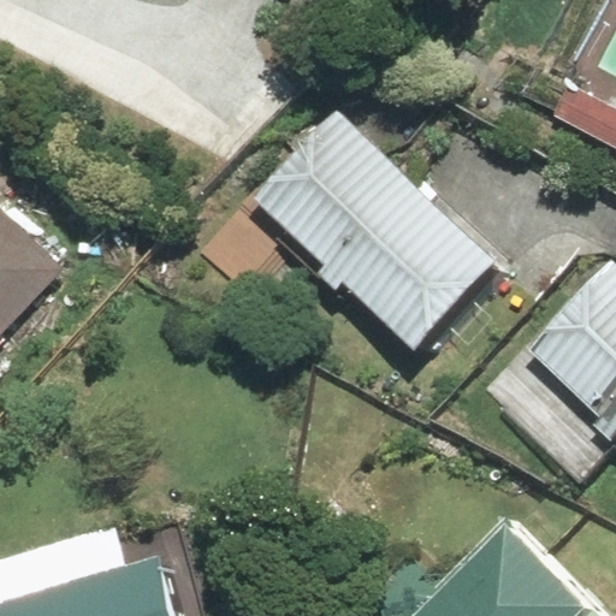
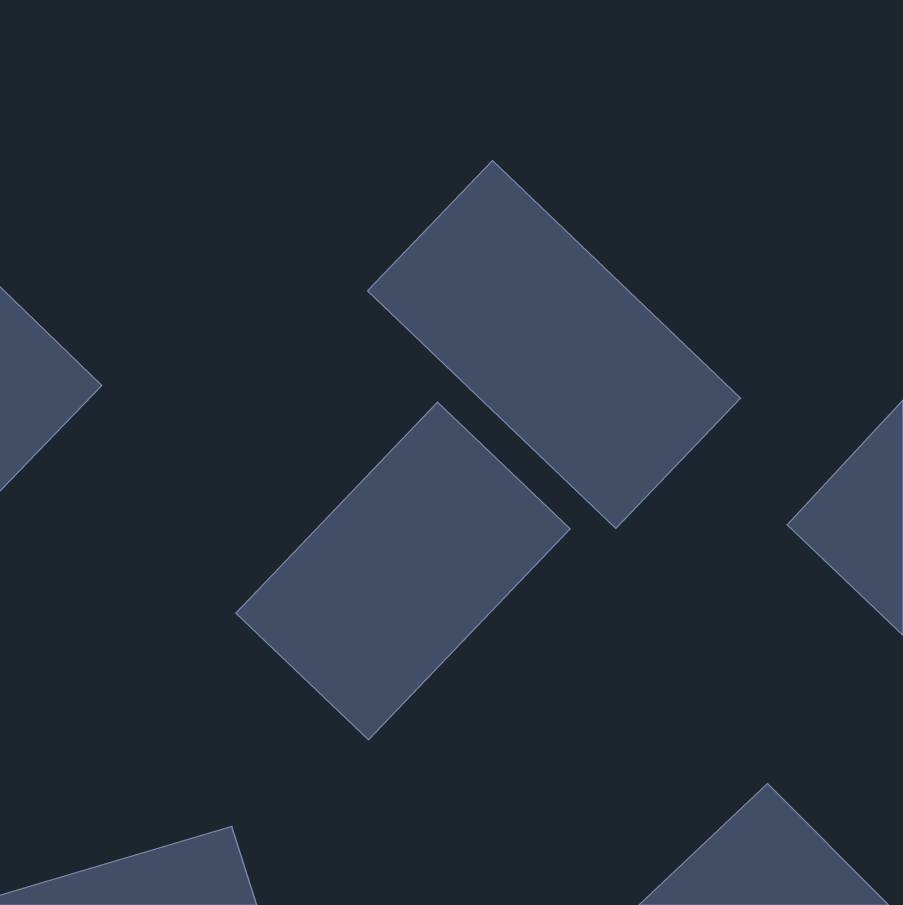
building: none -> [236,402,570,740]

